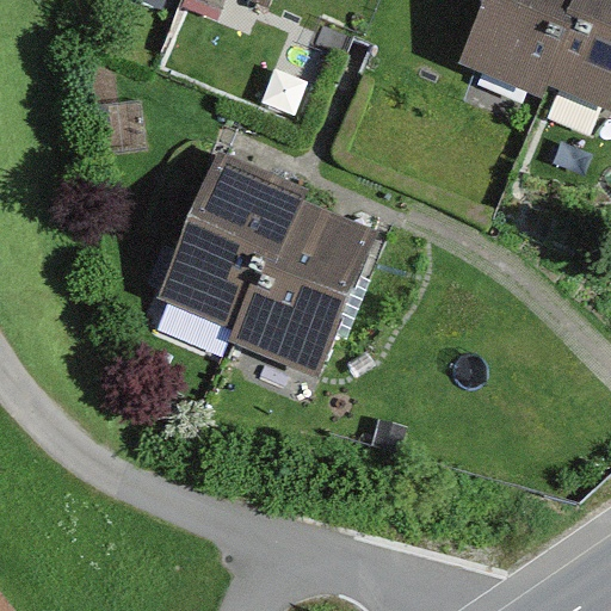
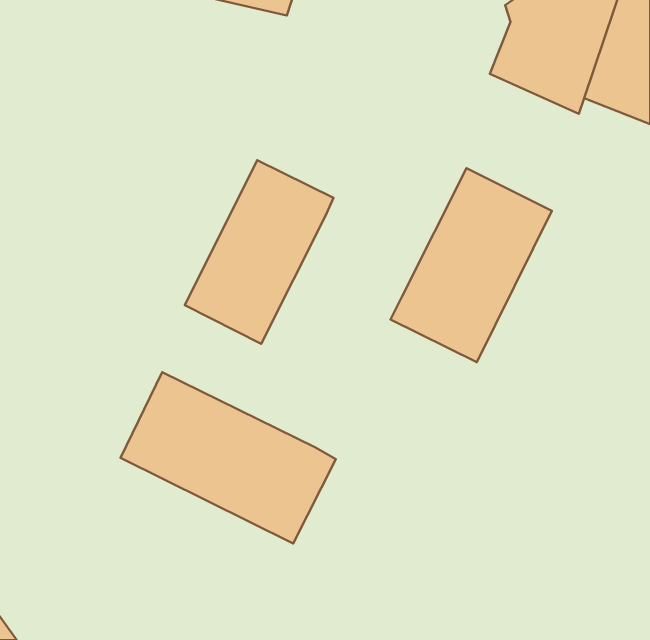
building: [230,199,379,378] -> [390,168,552,362]
building: none -> [120,372,336,544]

